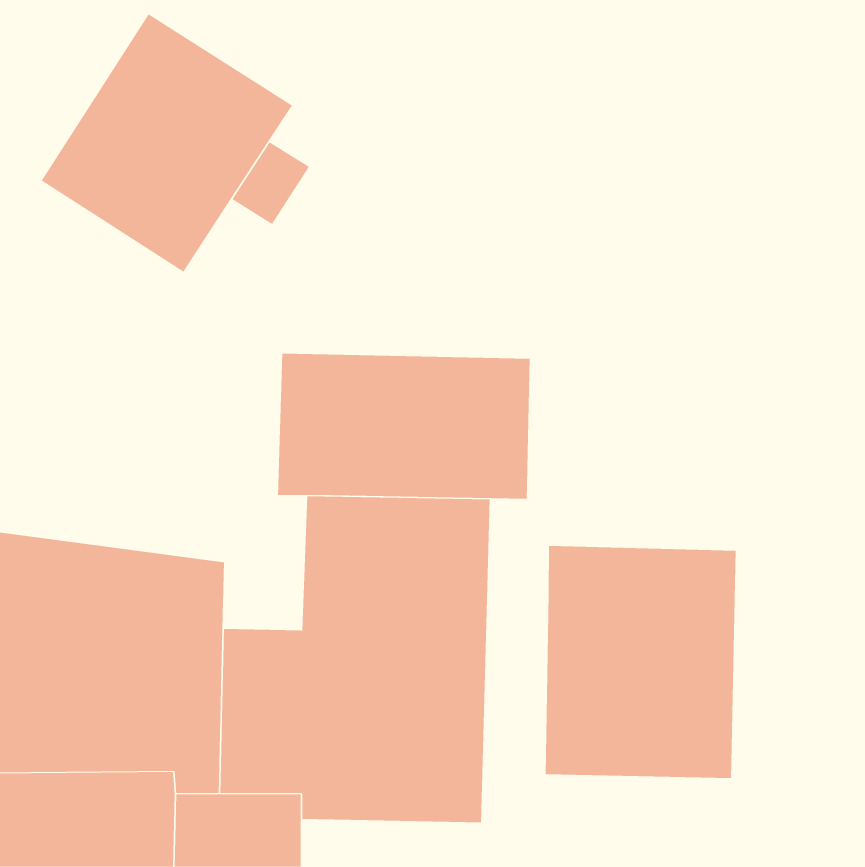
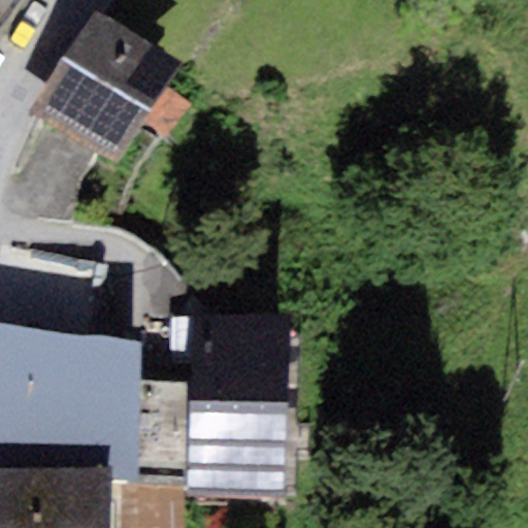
building: [278,353,530,499] -> none
building: [545,545,736,779] -> none

